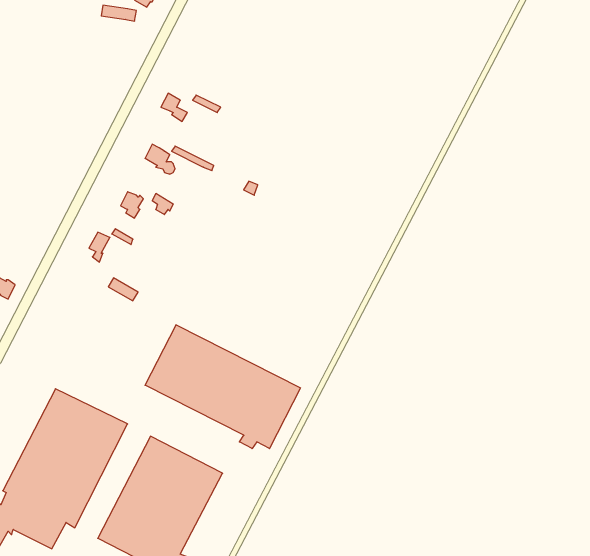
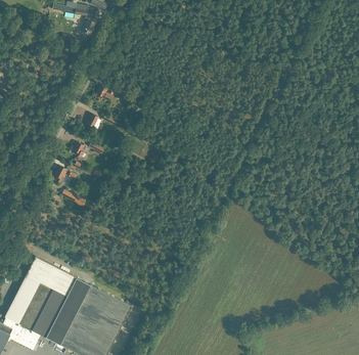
building: [145,325,300,449] -> none

